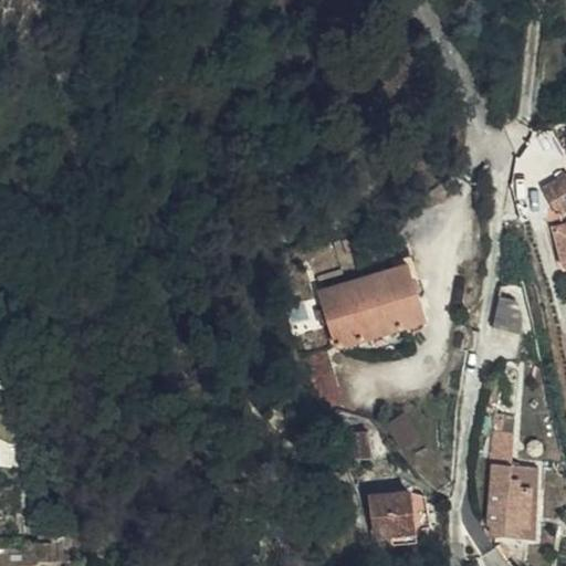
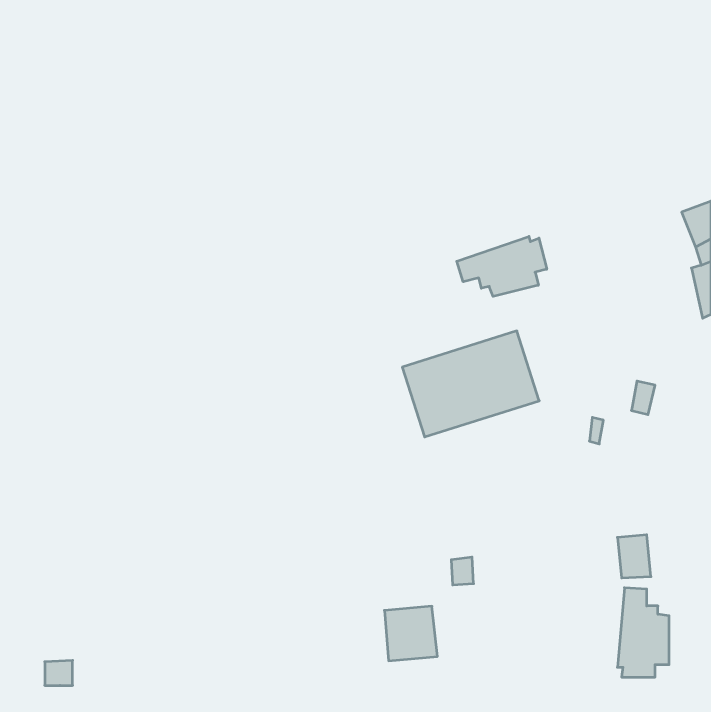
building: none -> [457,236,547,296]
building: [376,495,418,538] -> [384,606,437,661]

